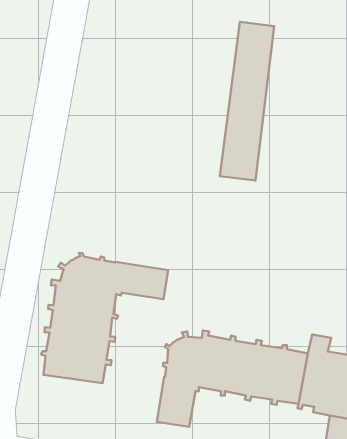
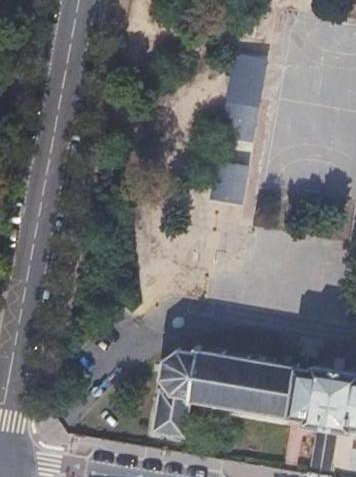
building: [41,253,168,383] -> none

